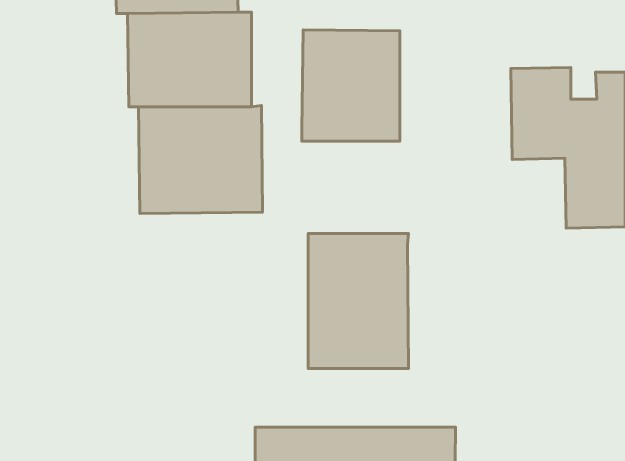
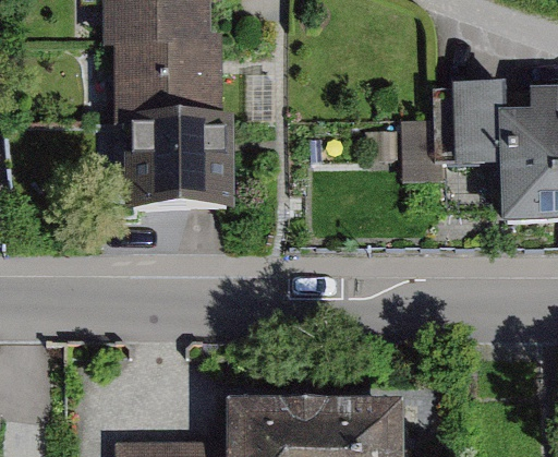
building: [302,30,400,141] -> none
building: [308,233,409,369] -> none

